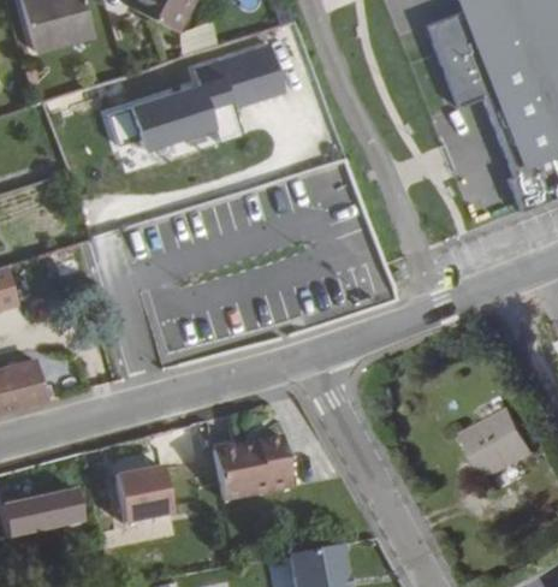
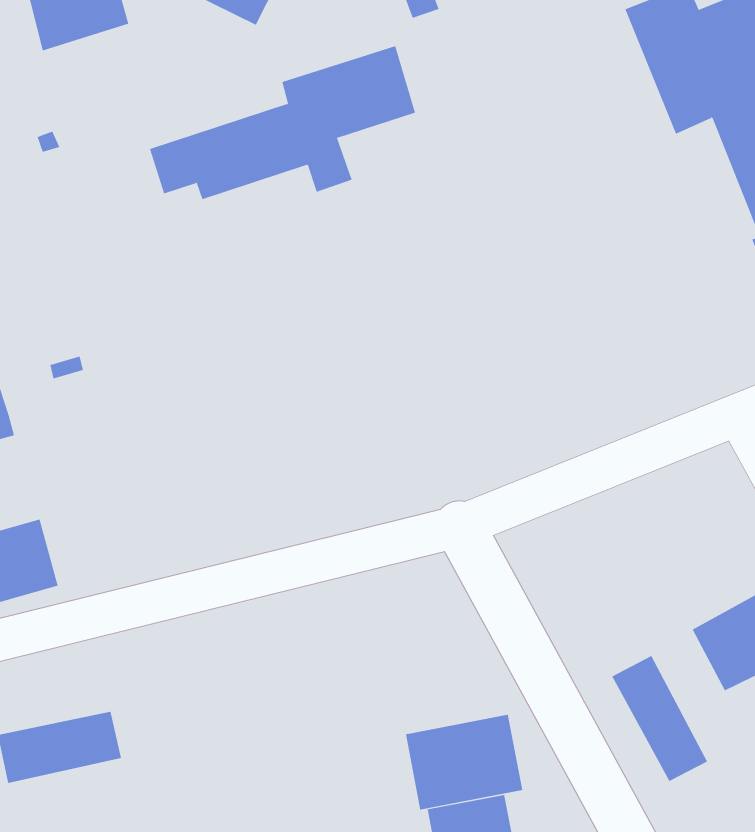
building: [215,434,293,498] -> [405,714,523,810]
building: none -> [612,655,708,782]
building: [118,463,174,520] -> none

